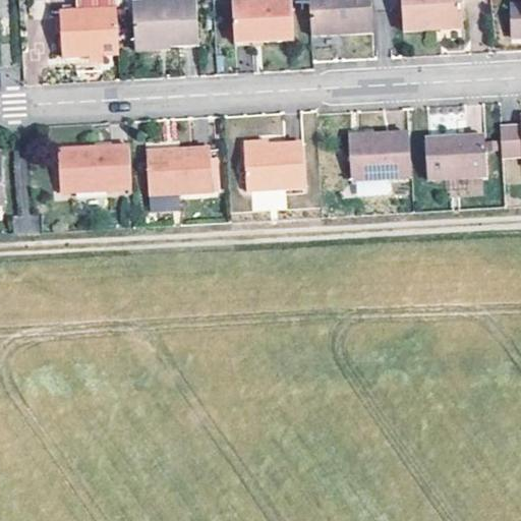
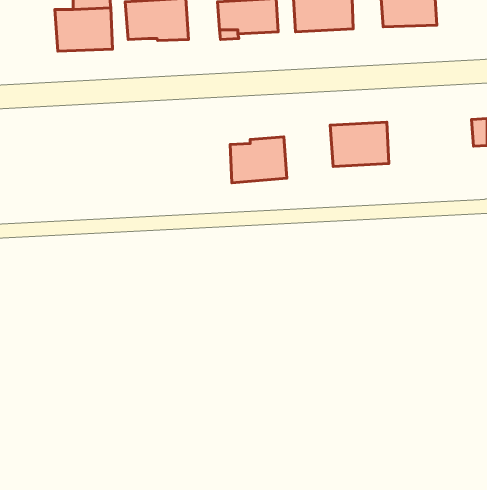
building: [422,137,485,180] -> none
building: [55,146,129,191] -> none
building: [143,150,210,195] -> none

